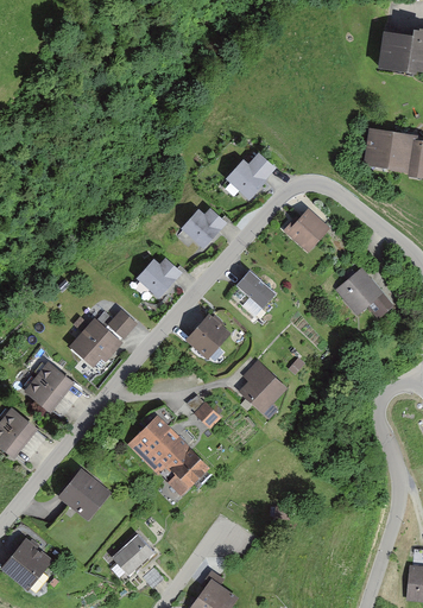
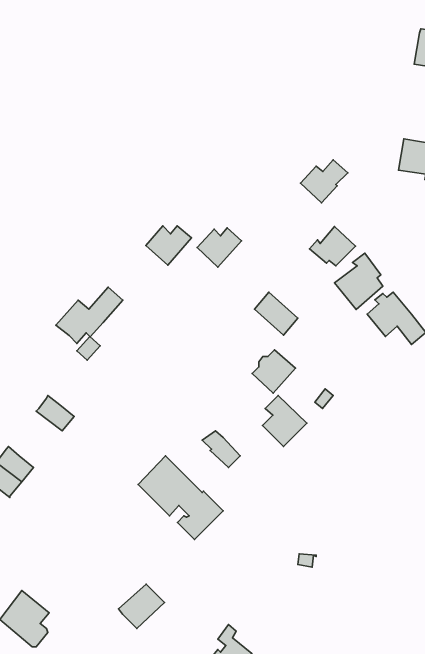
building: [223,157,266,196] -> [301,160,348,203]
building: none -> [334,253,383,309]
building: [139,259,181,294] -> [146,226,191,265]
building: [74,311,134,362] -> [56,287,123,343]
building: [188,317,227,356] -> [252,350,295,393]
building: [26,378,61,410] -> none
building: [59,470,108,519] -> none

